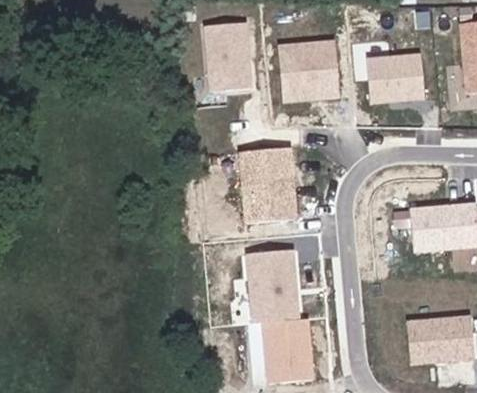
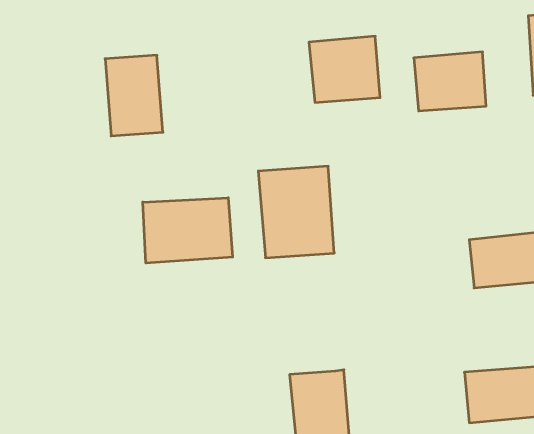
building: [204,22,252,89] -> [105,55,163,136]
building: none -> [143,198,233,263]
building: [245,250,301,324] -> none

